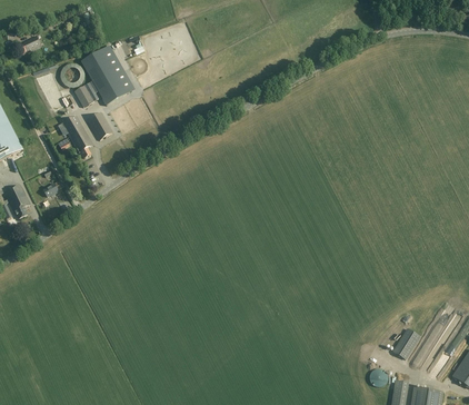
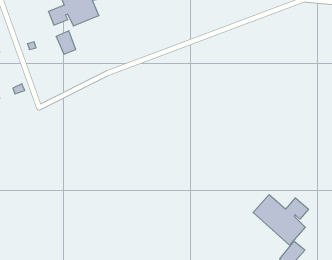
building: [59,116,92,157] -> none
building: none -> [253,195,308,245]

